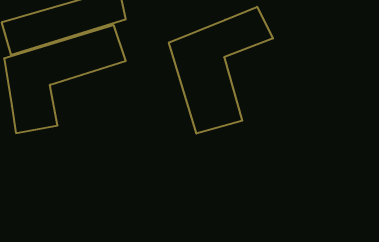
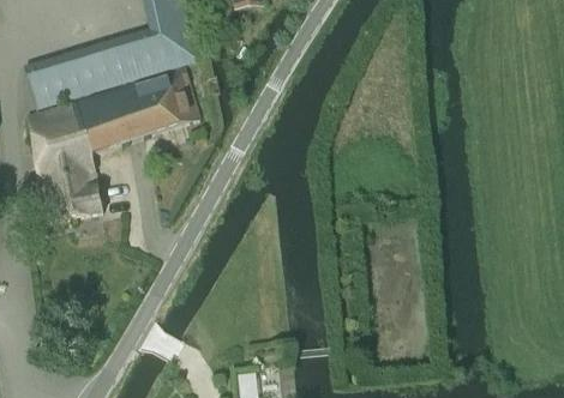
building: [169,7,273,134] -> none

